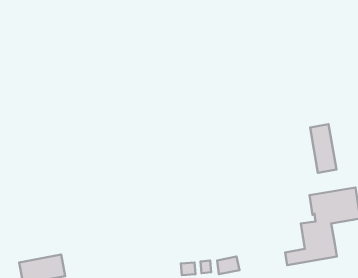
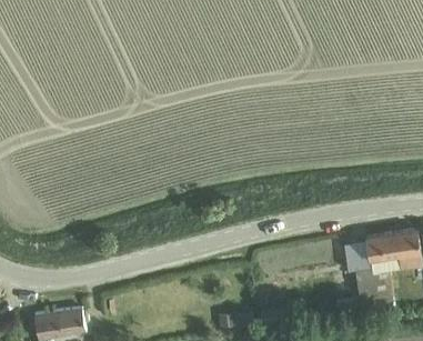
building: [310,124,336,173] -> none

